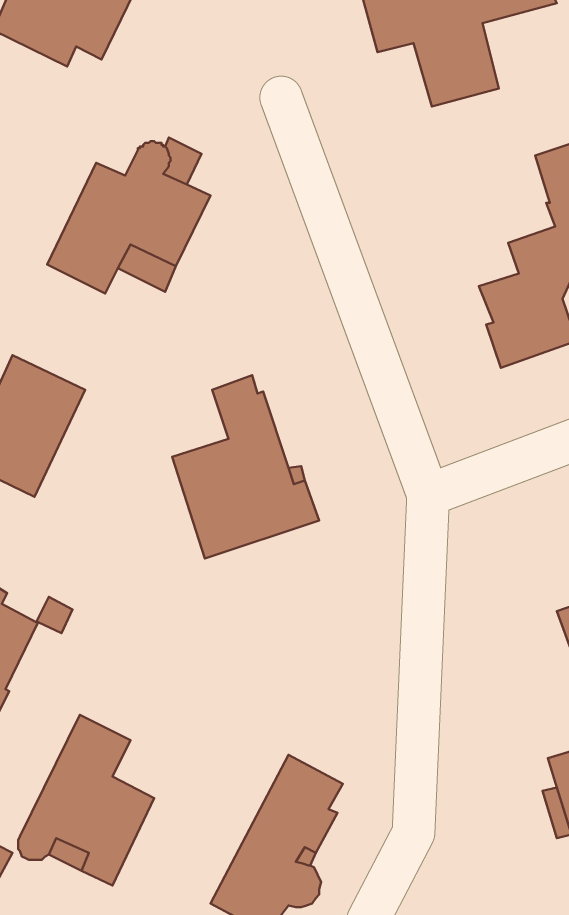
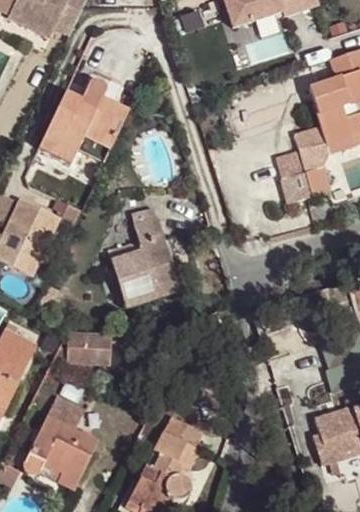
building: none -> [66,333,110,364]

